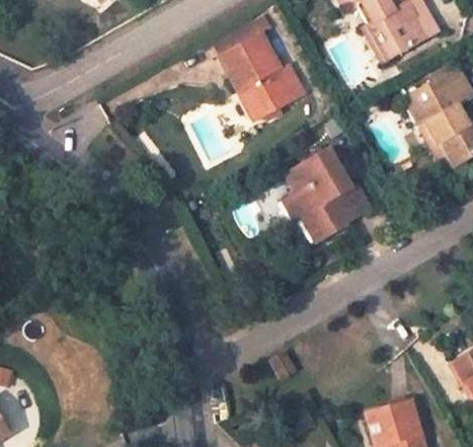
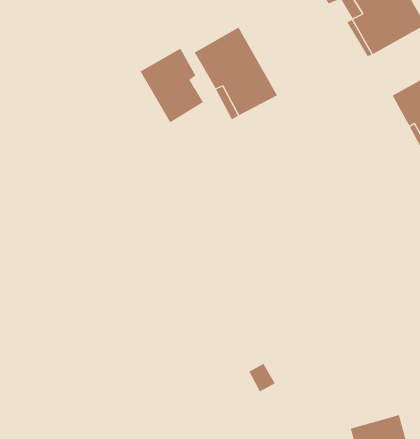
building: none -> [140,48,204,123]
building: [284,147,372,239] -> none

